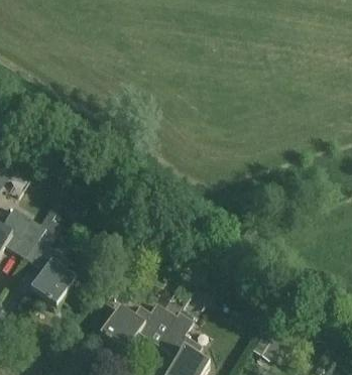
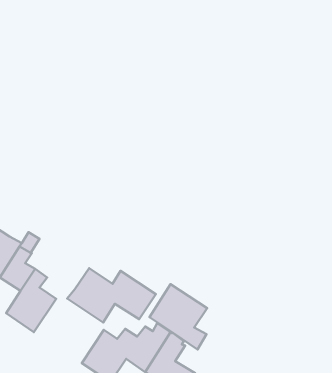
building: none -> [67,268,156,323]
building: none -> [150,284,207,349]

